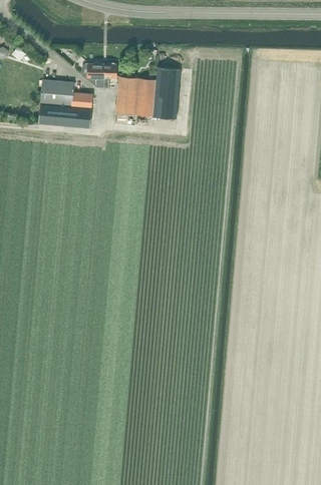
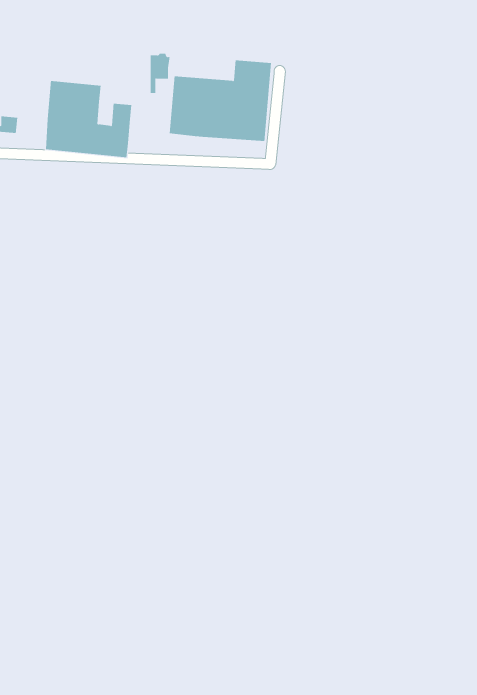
building: [82,62,104,87] -> none

